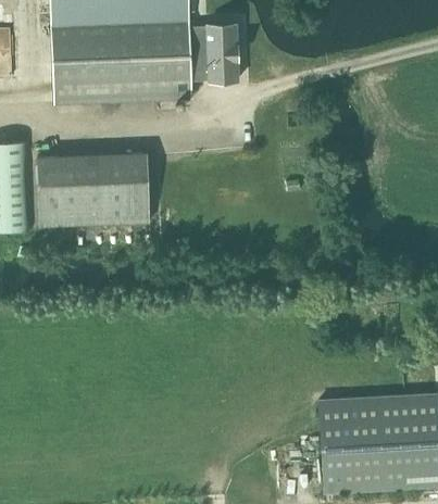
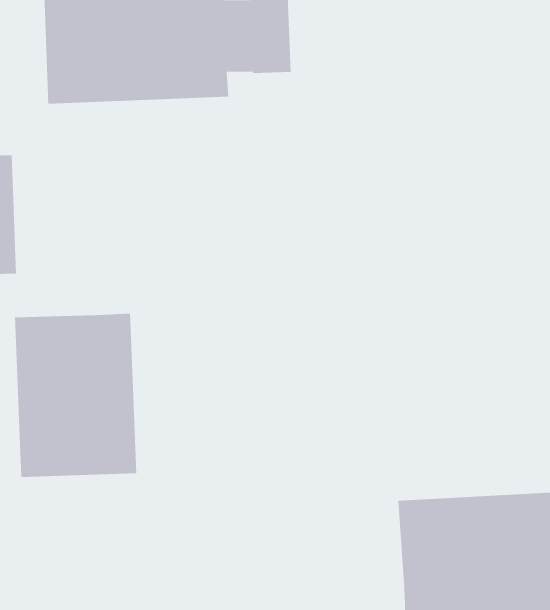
building: [35,151,149,228] -> none
building: none -> [14,313,137,478]

